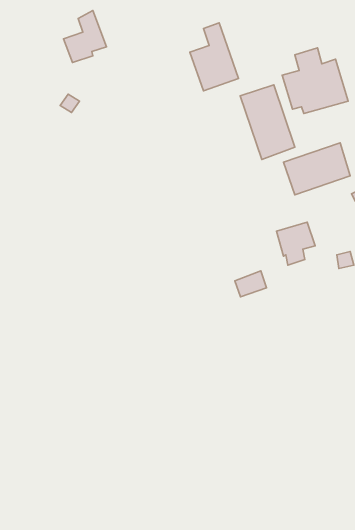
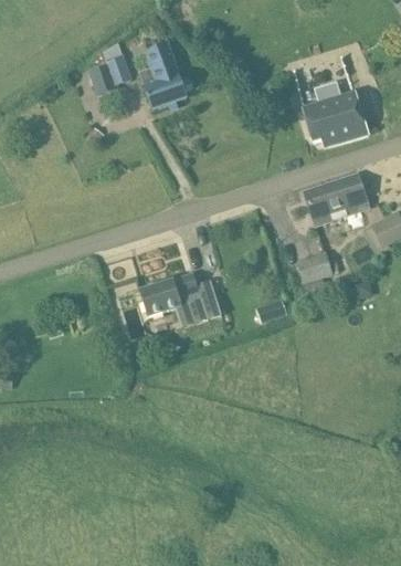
building: [190,23,238,91] -> [139,42,187,108]
building: [240,85,295,160] -> none
building: none -> [139,272,223,327]

